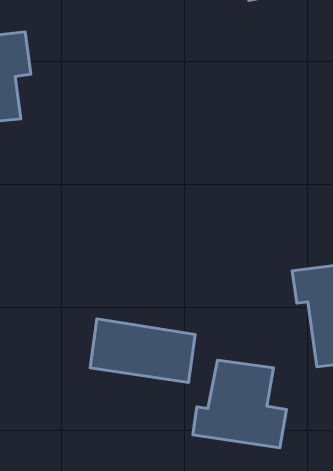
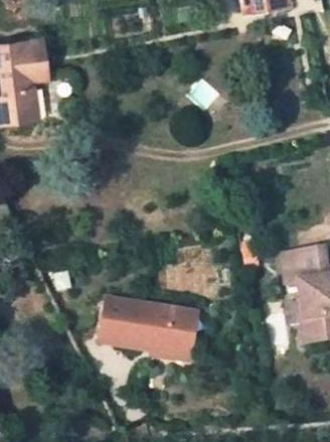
building: [193,360,287,448] -> none

